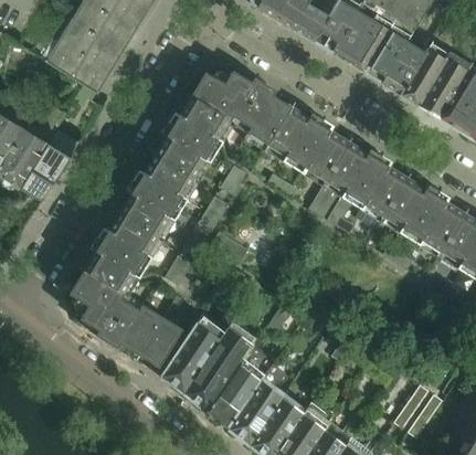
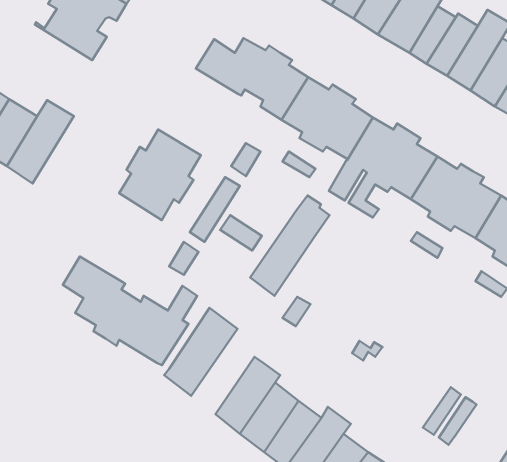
building: [156,98,229,177] -> none
building: [85,211,159,292] -> none
building: [186,320,257,411] -> [250,196,329,296]

